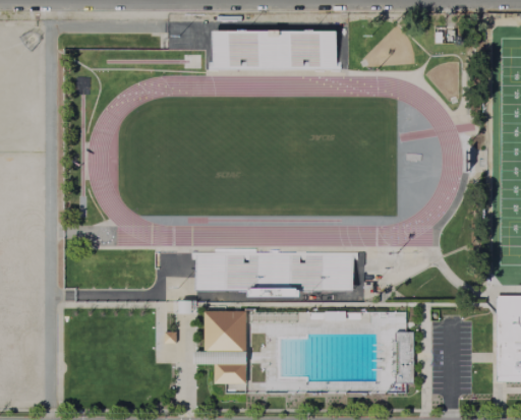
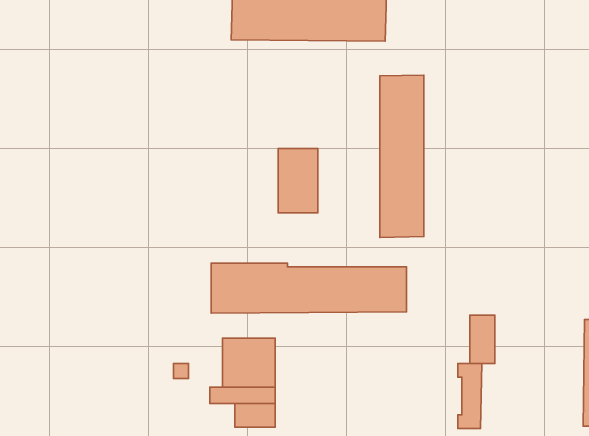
building: none -> [380,75,424,237]
building: none -> [278,148,318,213]
building: none -> [470,315,495,363]

